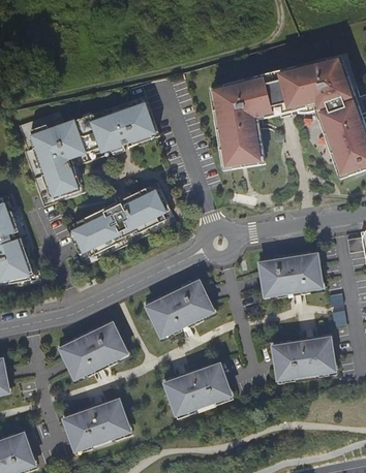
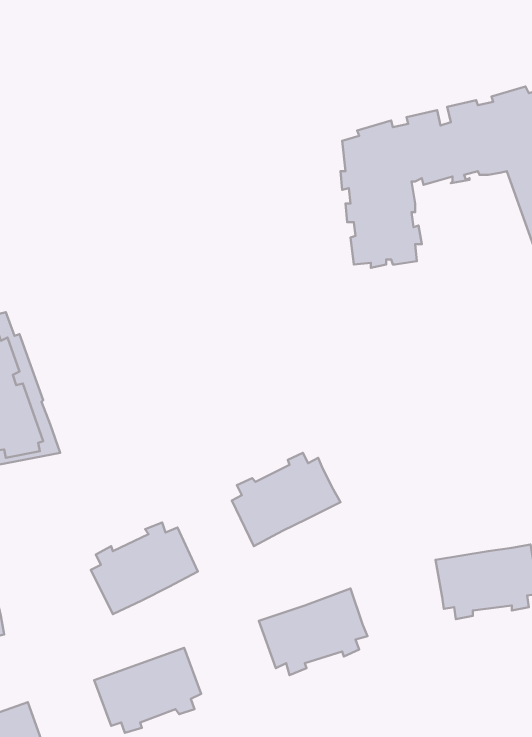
building: [30,103,157,199] -> none
building: [68,186,169,256] -> none
building: [258,252,322,296] -> none

